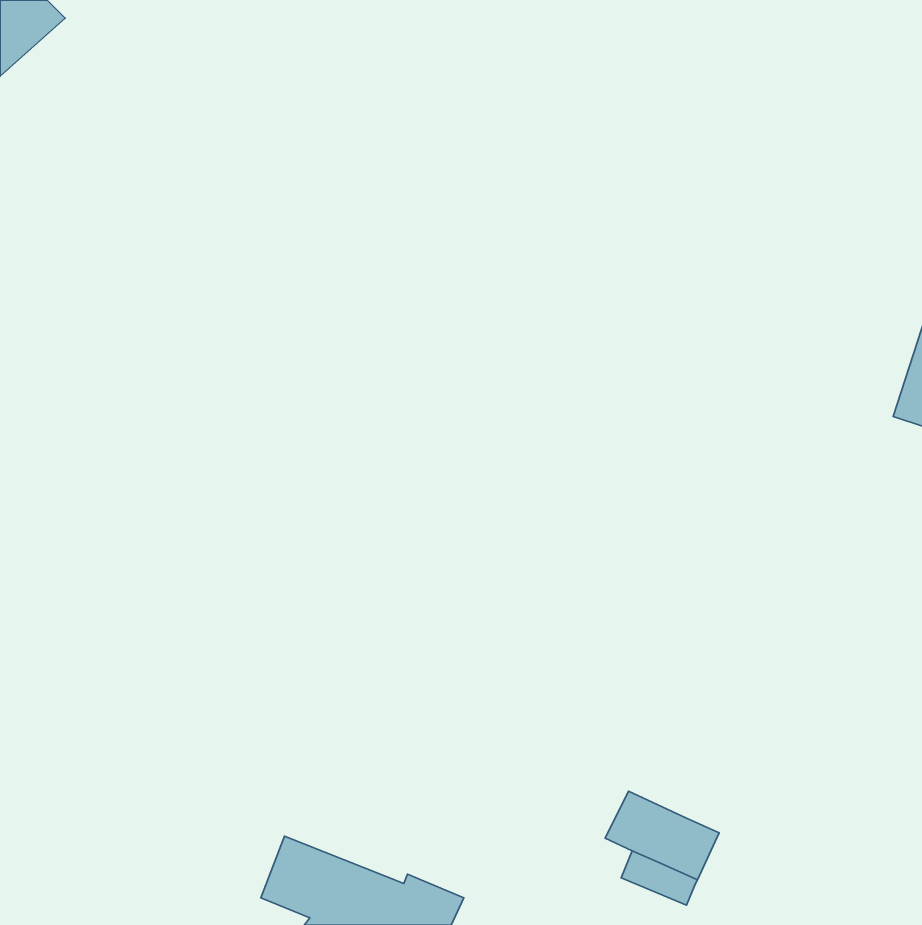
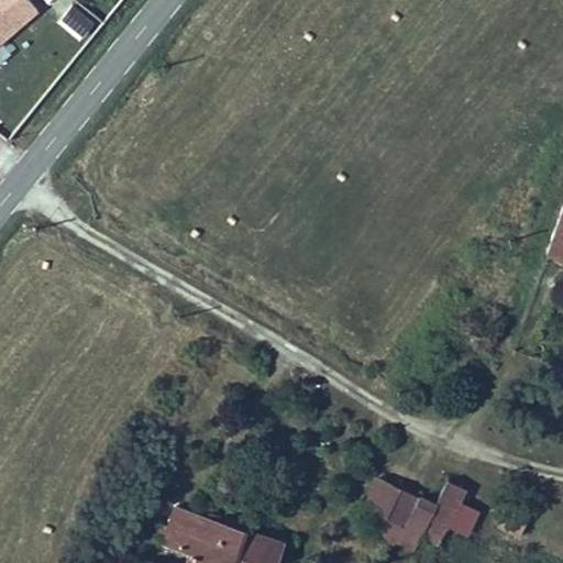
building: none -> [424,481,479,545]

